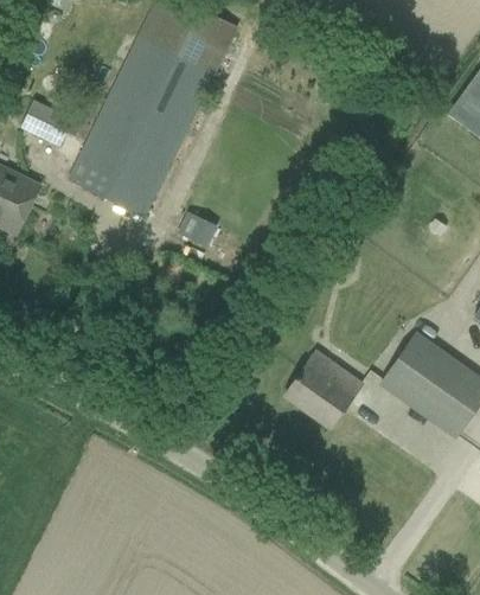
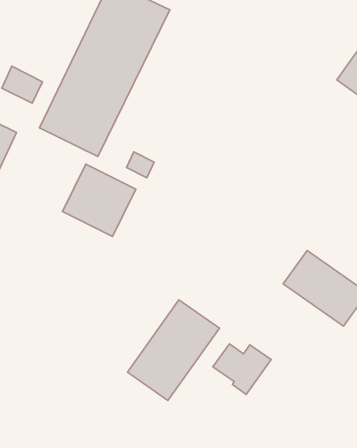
building: none -> [62,164,136,236]
building: [288,362,363,427] -> [213,344,271,395]
building: none -> [127,300,219,400]

